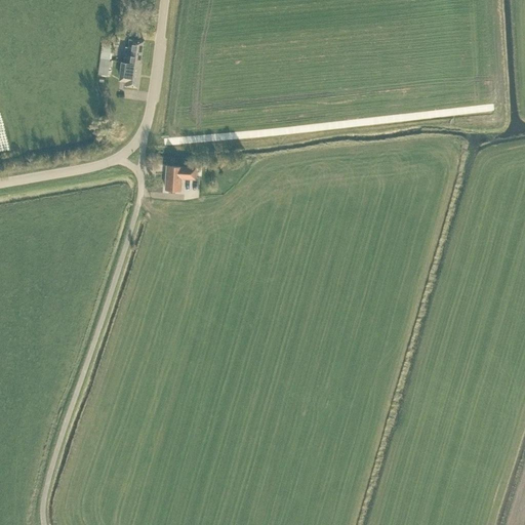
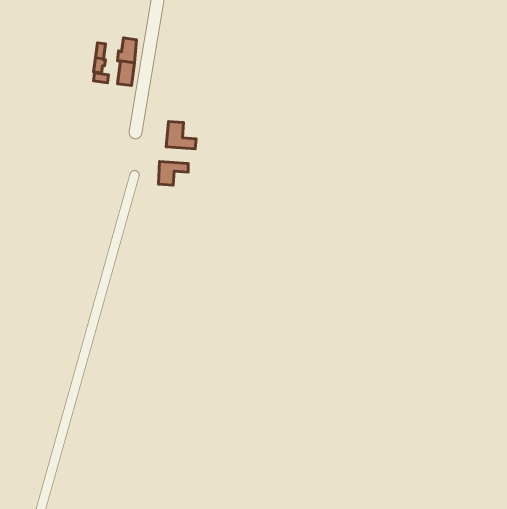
building: none -> [166,121,196,149]

